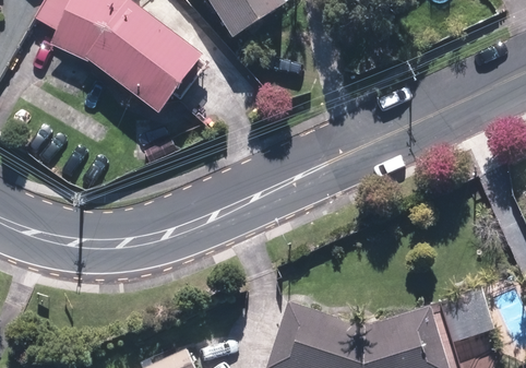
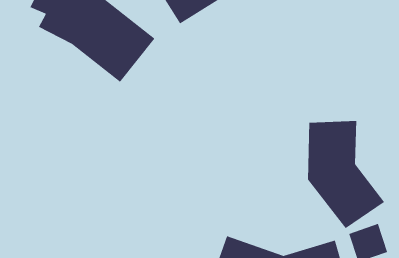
building: none -> [307,120,385,229]

